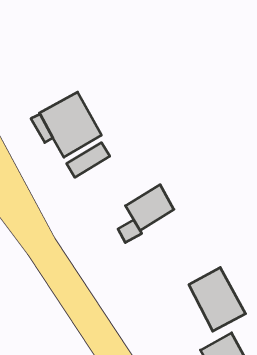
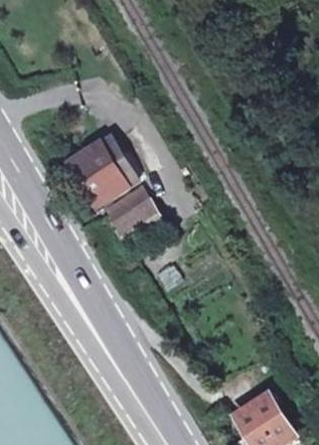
building: [125,185,174,231] -> [106,197,159,248]
building: [189,267,246,331] -> none

